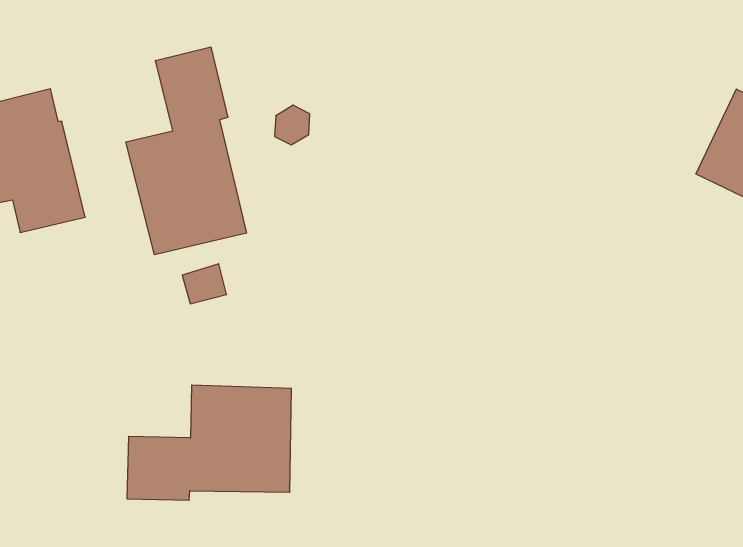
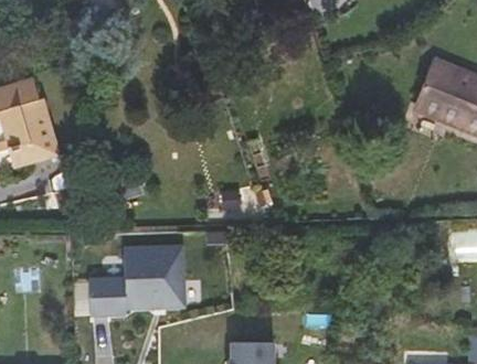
building: [126,47,247,255] -> none

